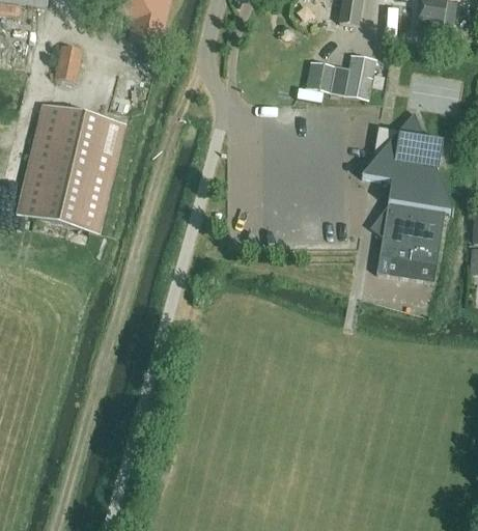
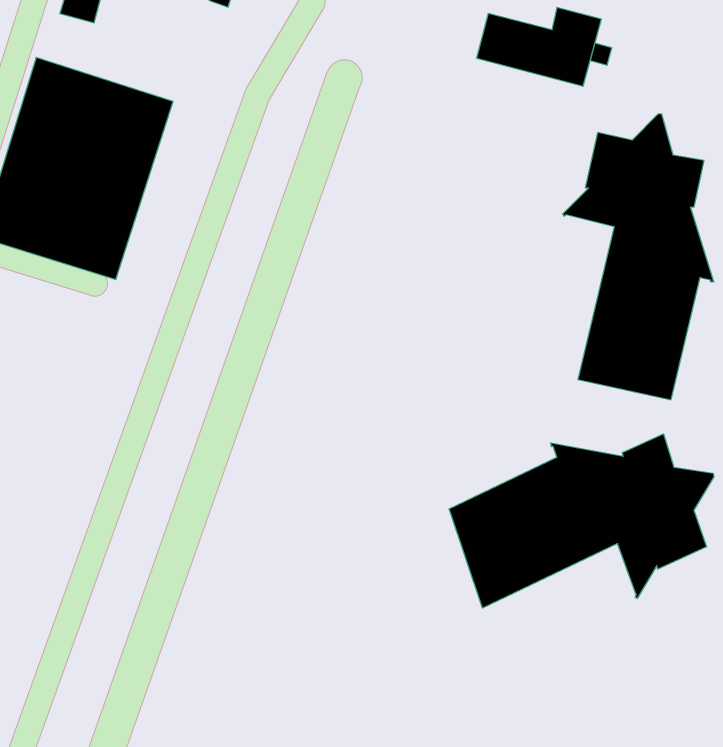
building: none -> [449,434,714,608]

